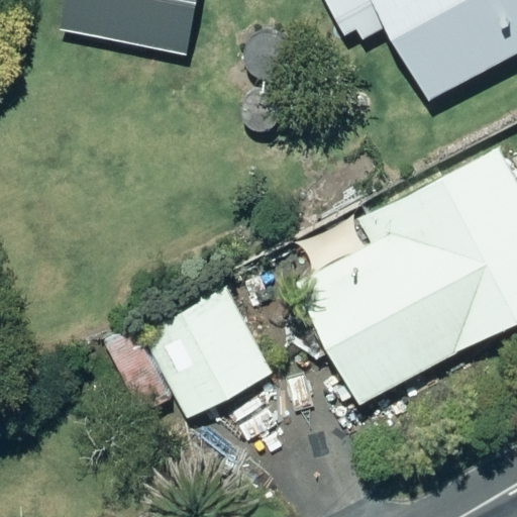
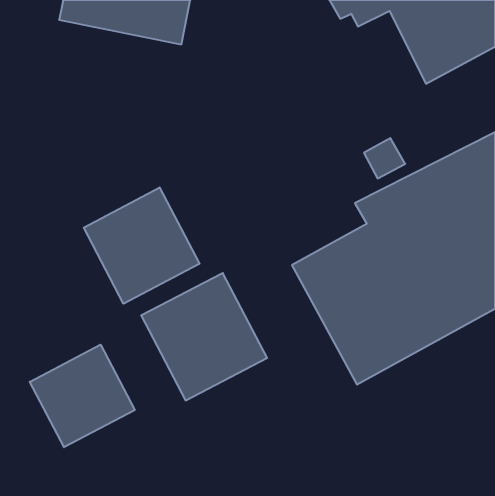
building: none -> [84,187,200,304]
building: none -> [30,345,135,447]

